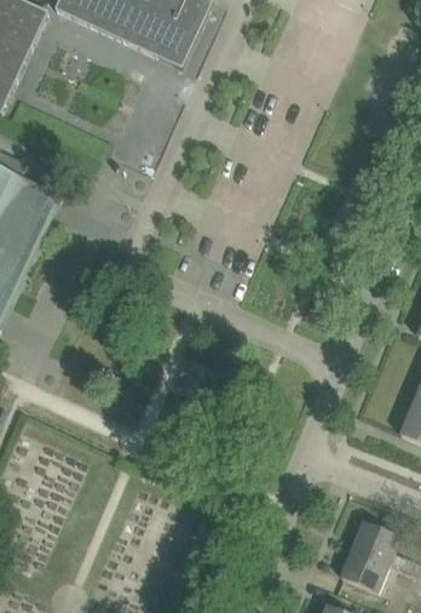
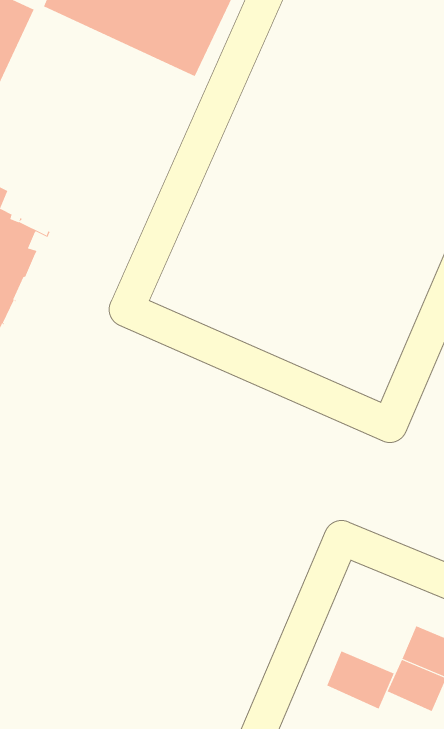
building: none -> [326,651,395,709]

